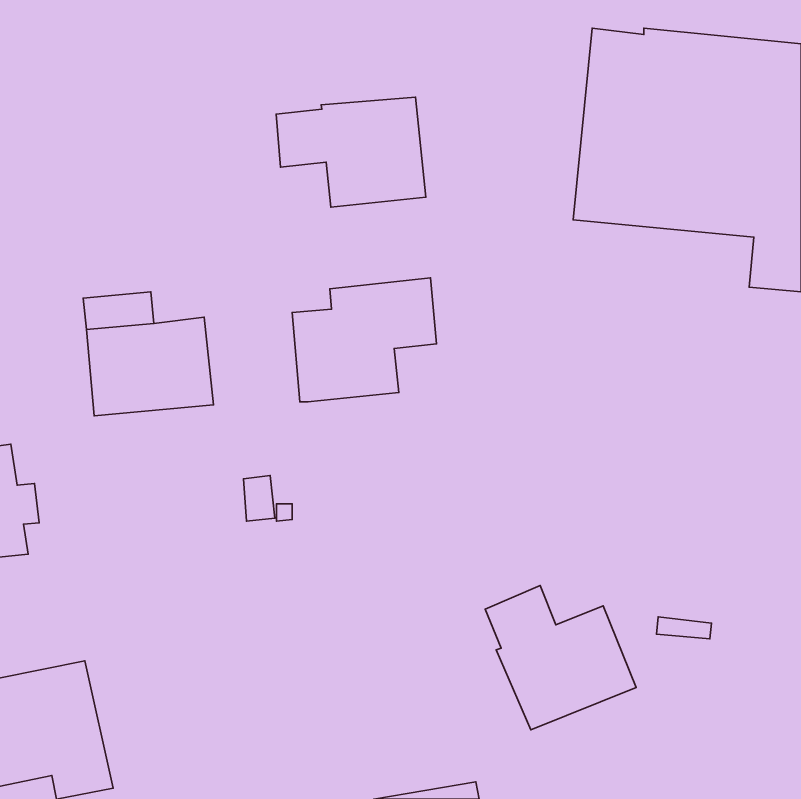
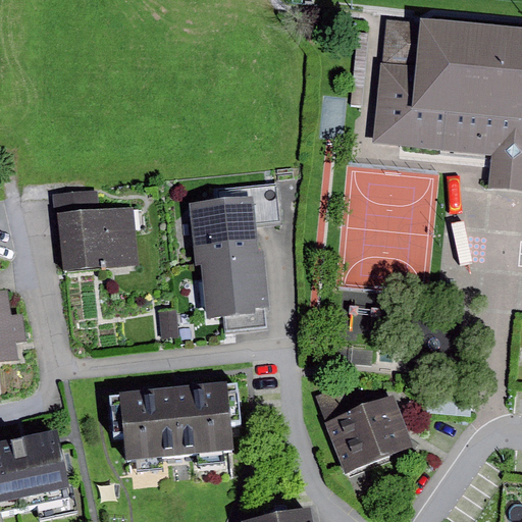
building: [276,97,426,207] -> none
building: none -> [200,255,270,332]
building: none -> [110,382,240,461]

